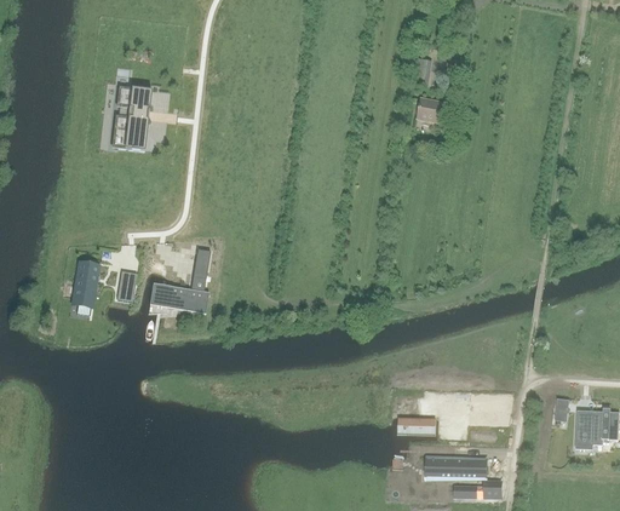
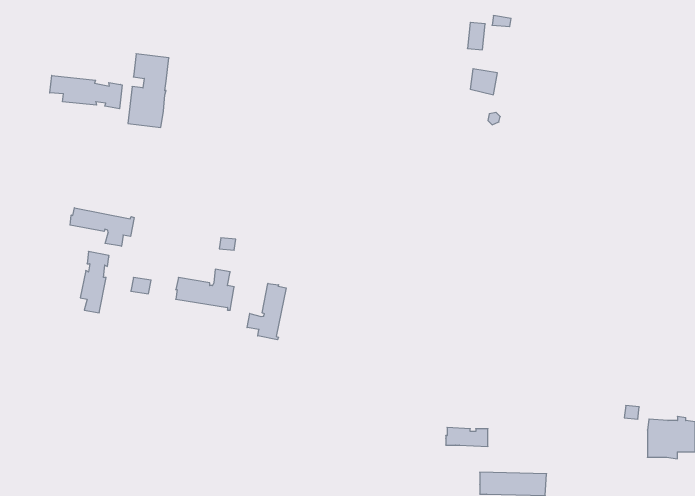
building: none -> [50,75,122,109]
building: none -> [70,208,134,246]
building: none -> [247,283,286,340]

